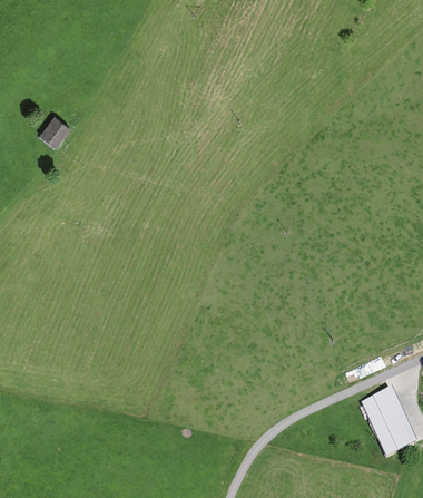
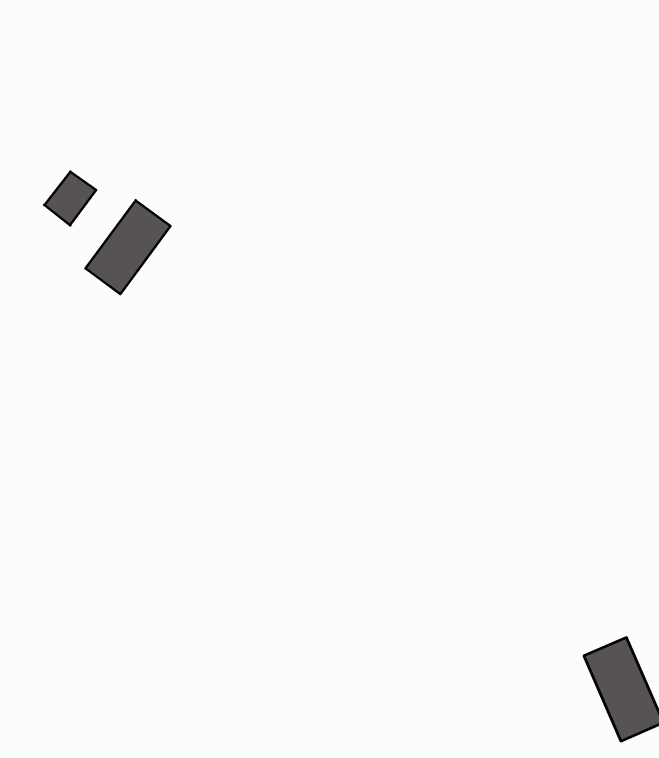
building: none -> [86,200,170,294]

